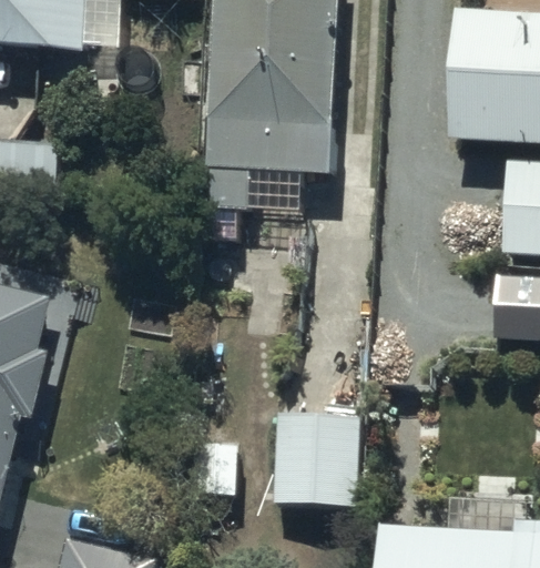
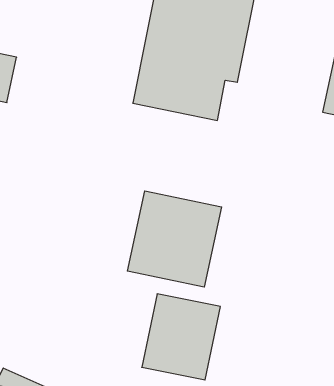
building: none -> [127,191,222,287]

